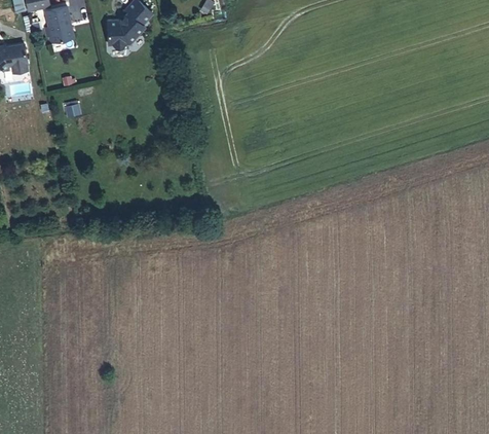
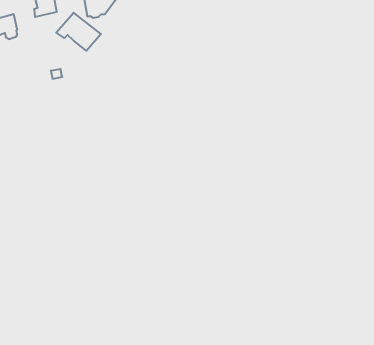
building: none -> [56,13,101,51]

